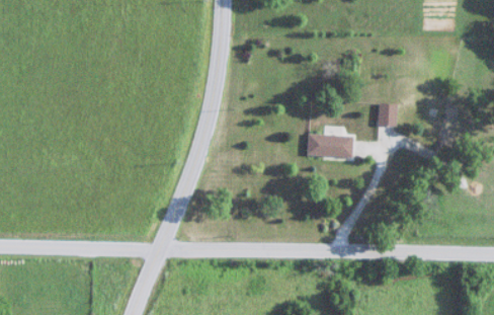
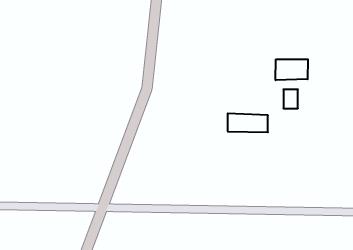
building: none -> [276,59,308,80]

